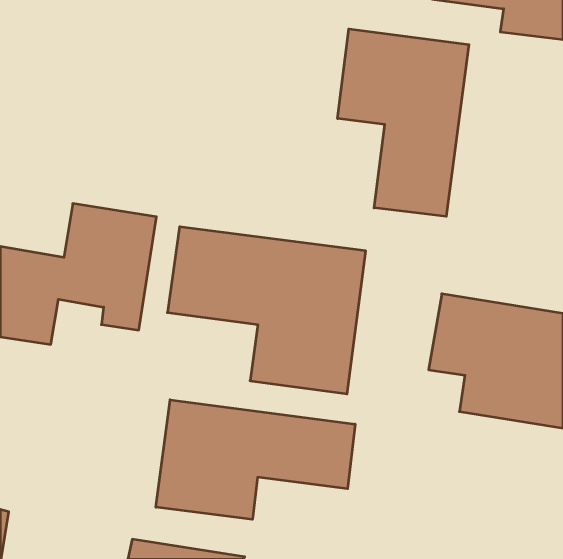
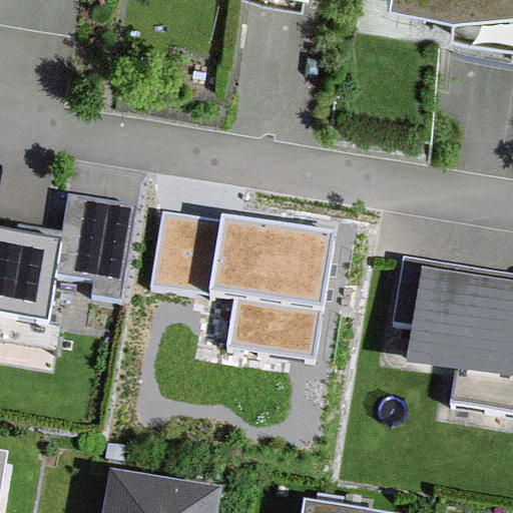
building: [338,29,469,216] -> none
building: [156,400,355,519] -> none

